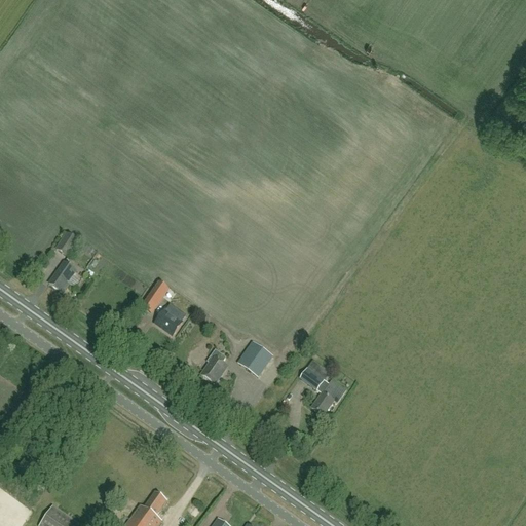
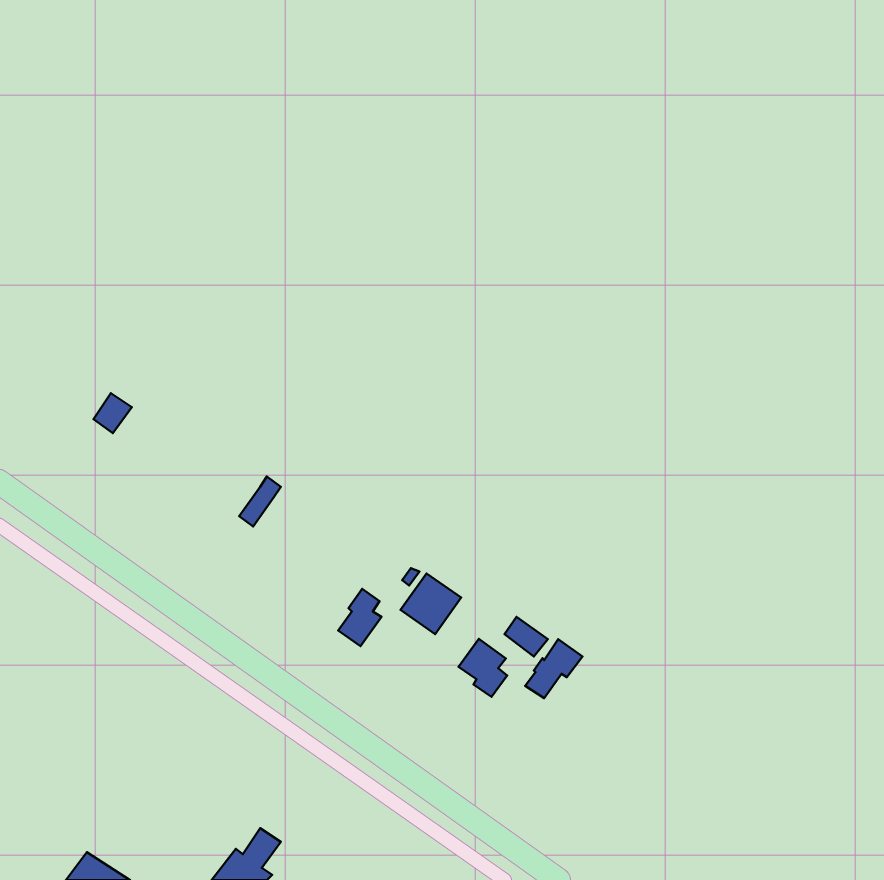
building: [48,261,75,293] -> none
building: [154,305,182,335] -> none
building: none -> [459,639,507,697]

